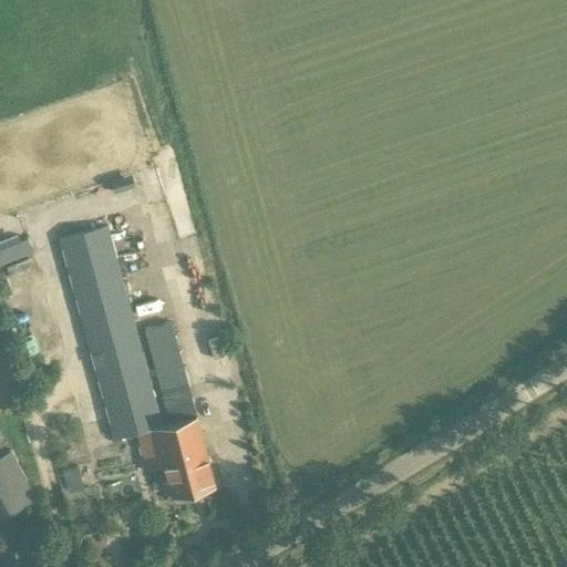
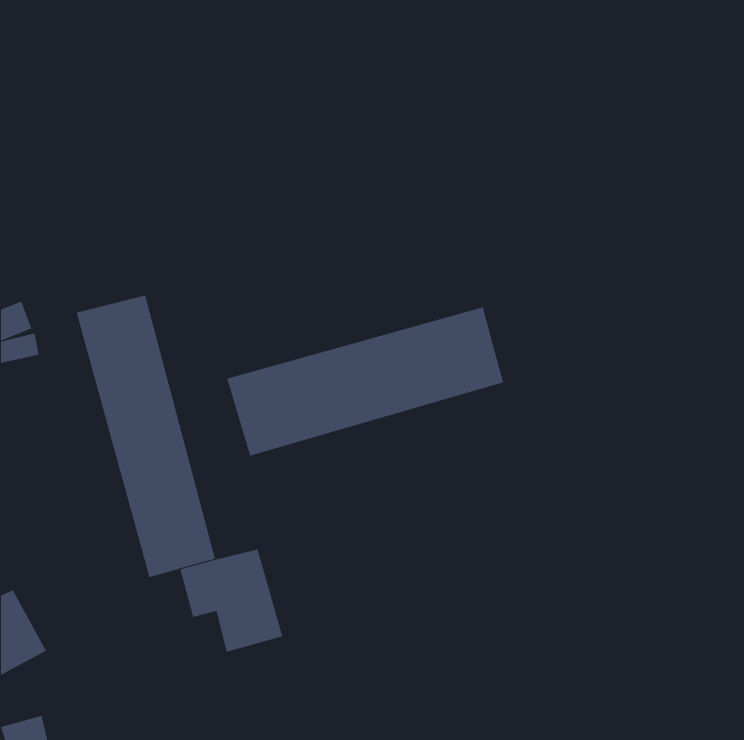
building: none -> [226,307,504,457]
building: [144,324,197,427] -> none

